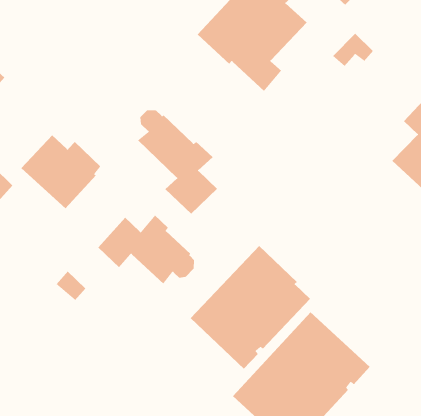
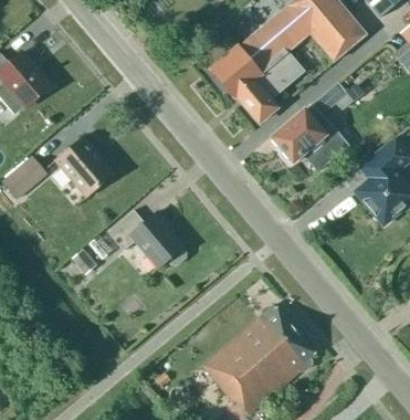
building: none -> [271,104,347,170]
building: [137,109,218,215] -> none
building: [190,245,311,370] -> none

